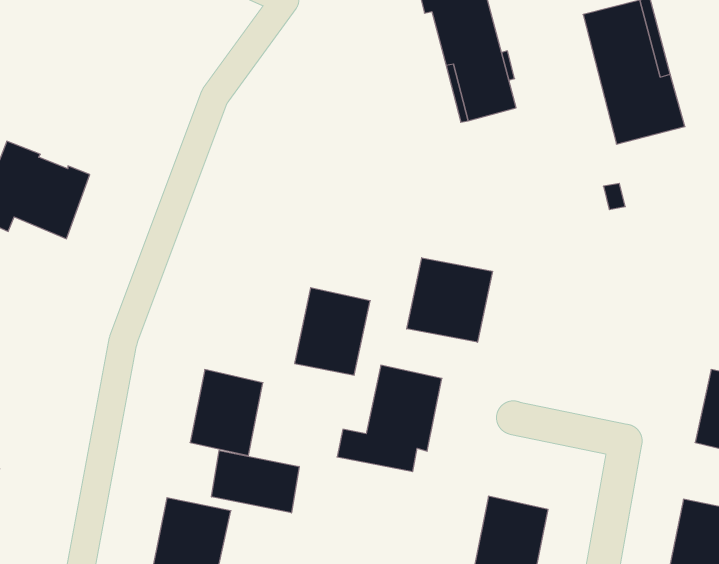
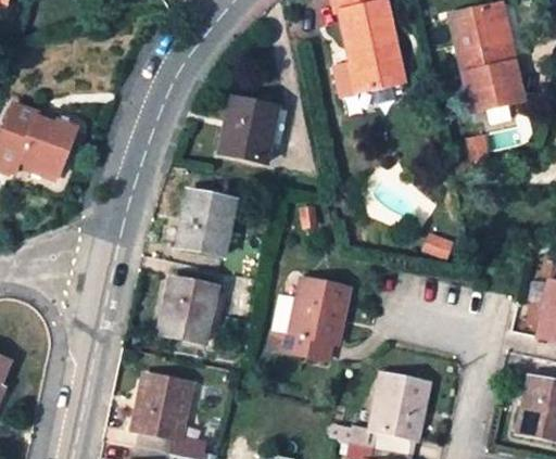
building: none -> [217,94,275,161]
building: [407,258,492,342] -> none
building: [295,288,370,375] -> [177,191,233,256]
building: [212,450,299,513] -> none

